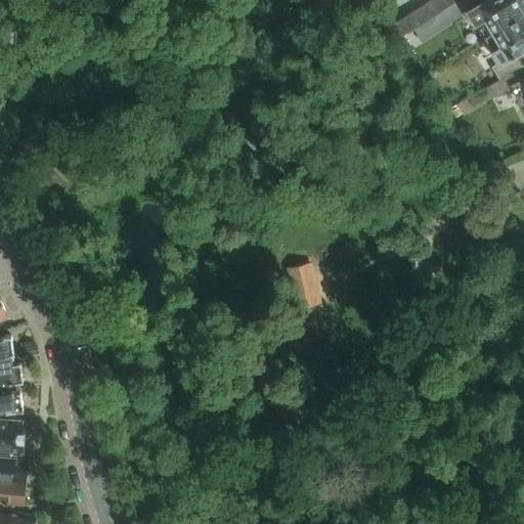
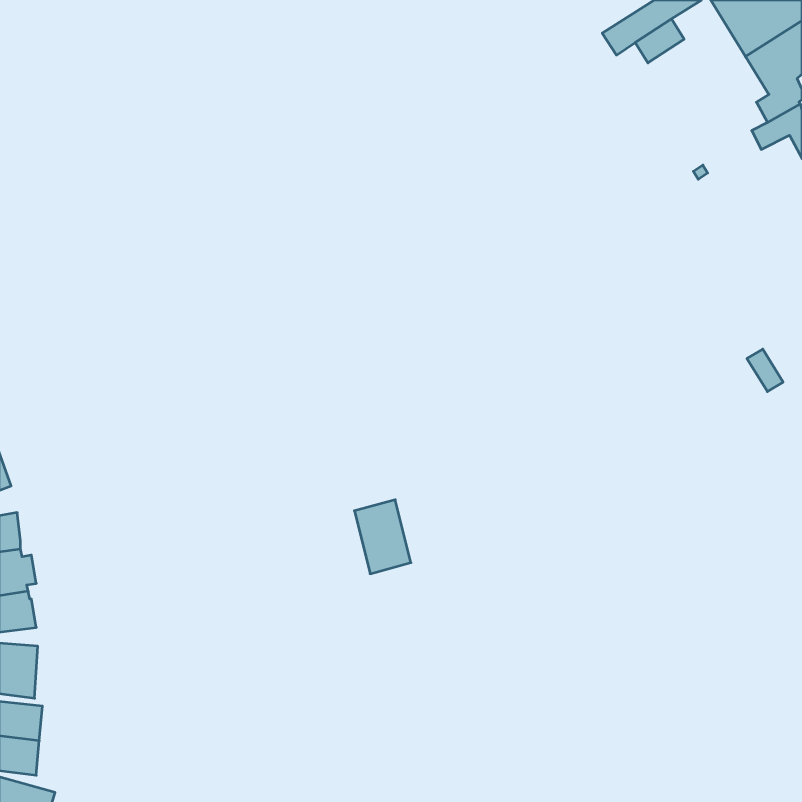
building: [286,263,322,311] -> [354,500,411,574]

